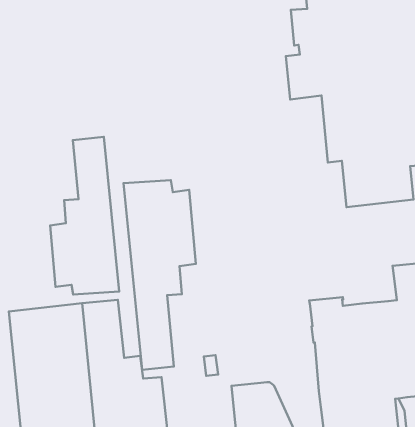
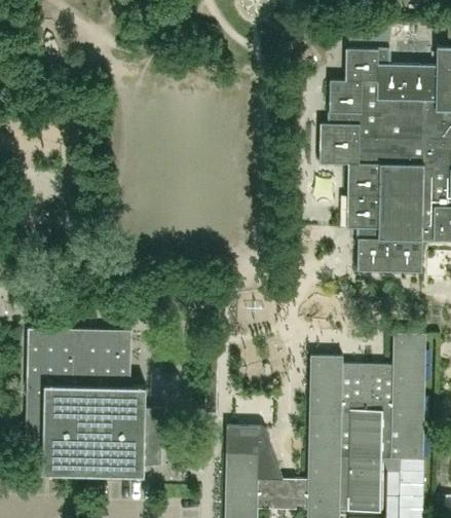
building: [50,137,119,294] -> none
building: [124,180,196,370] -> none

